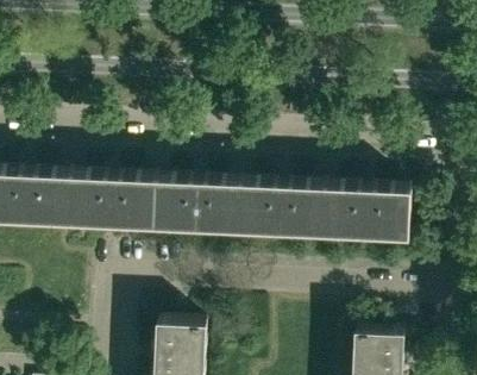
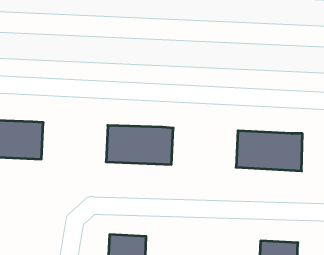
building: [68,171,155,223] -> none
building: [238,179,325,230] -> none

